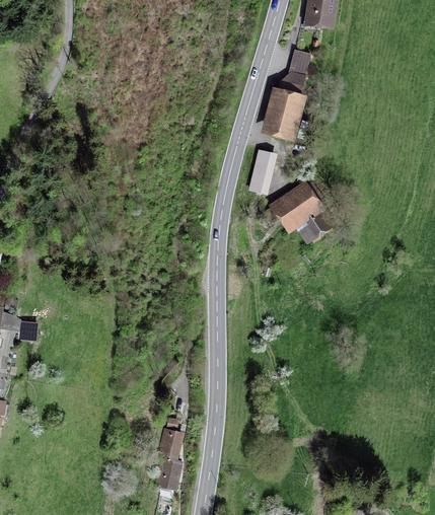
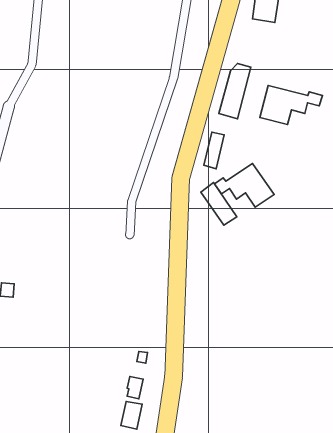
building: [289,50,310,77] -> none
building: none -> [260,85,322,125]
building: none -> [201,183,237,225]

